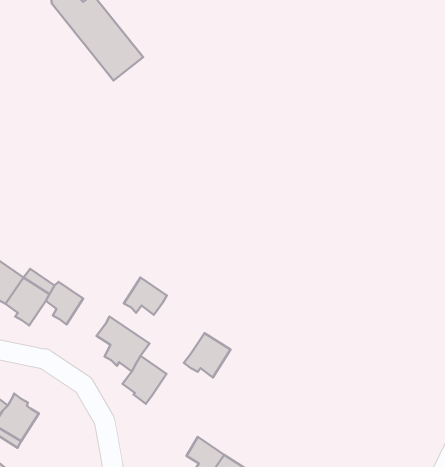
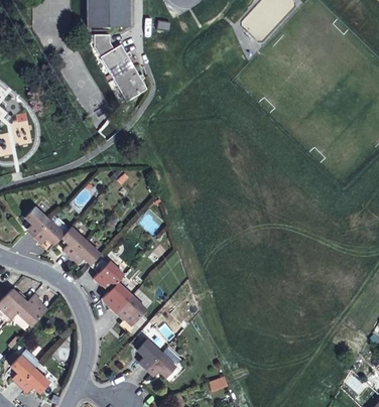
building: [124,278,167,315] -> [73,240,101,265]
building: [184,333,231,377] -> [116,296,147,325]

